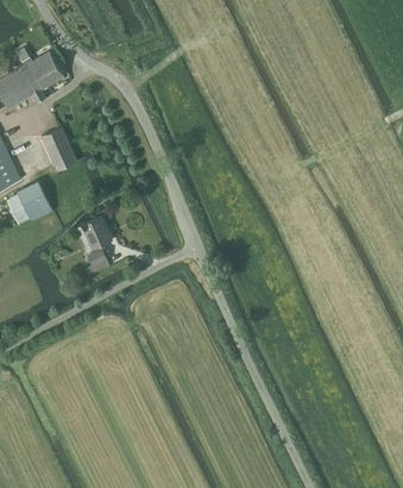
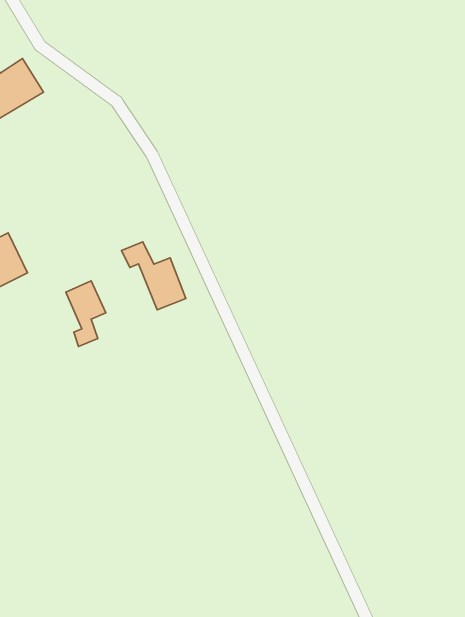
building: [43,127,78,170] -> none
building: none -> [122,242,186,310]

